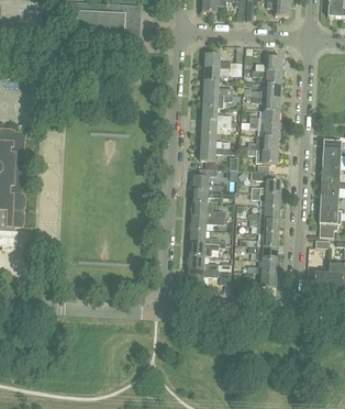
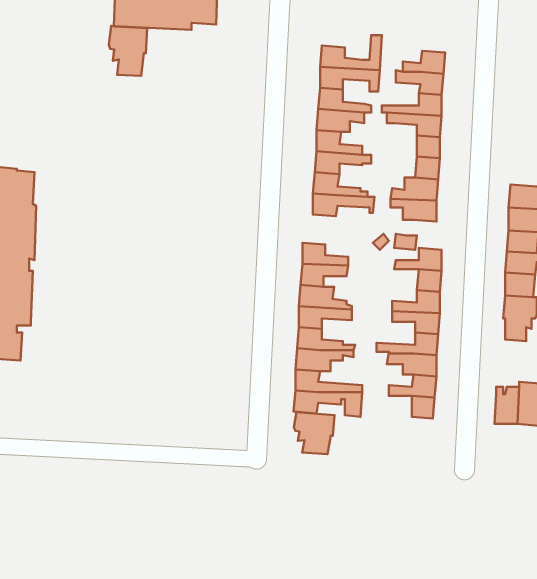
building: none -> [109,26,147,76]
building: none -> [294,412,334,454]

